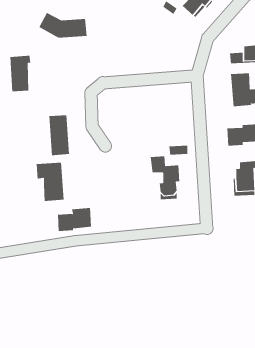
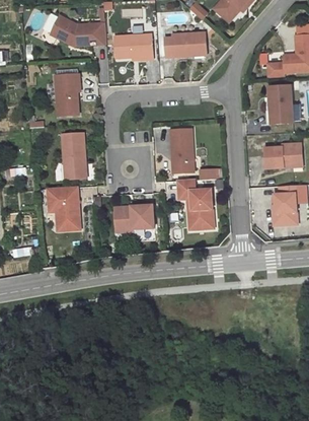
building: none -> [164,32,206,57]
building: none -> [114,34,152,59]
building: [10,55,31,92] -> [55,74,79,116]
building: none -> [170,129,192,173]
building: [57,207,92,231] -> [114,205,154,232]

